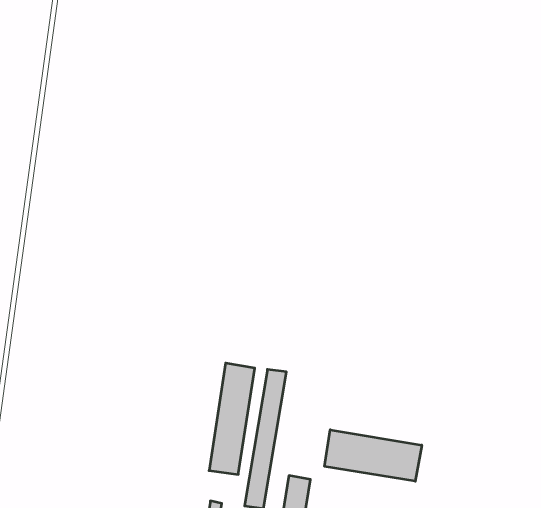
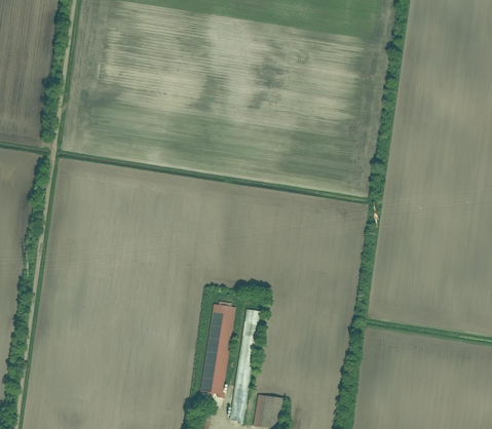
building: [325,430,422,481] -> none

